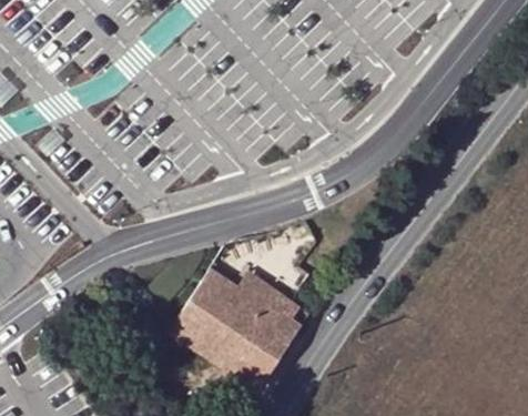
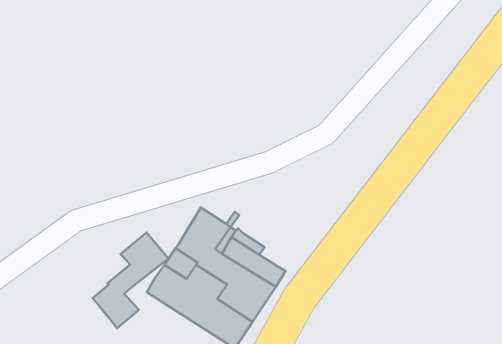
building: none -> [93,233,169,328]

